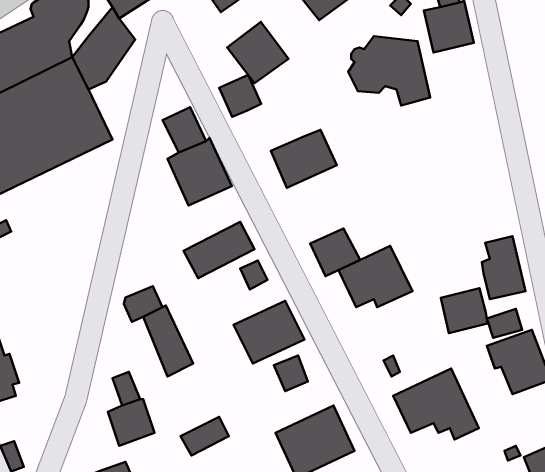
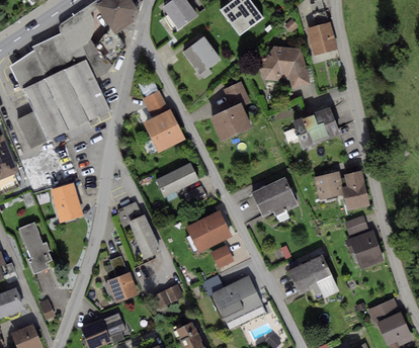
building: [219,75,261,117] -> [223,82,249,108]
building: none -> [292,108,339,150]
building: [310,229,360,276] -> none
building: none -> [51,183,83,223]
building: [441,288,488,333] -> [314,172,343,200]

